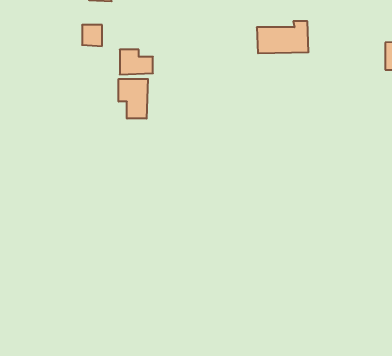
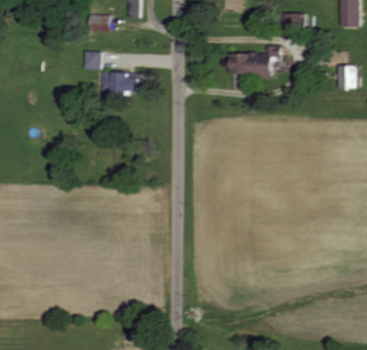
building: [119,79,148,119] -> none

